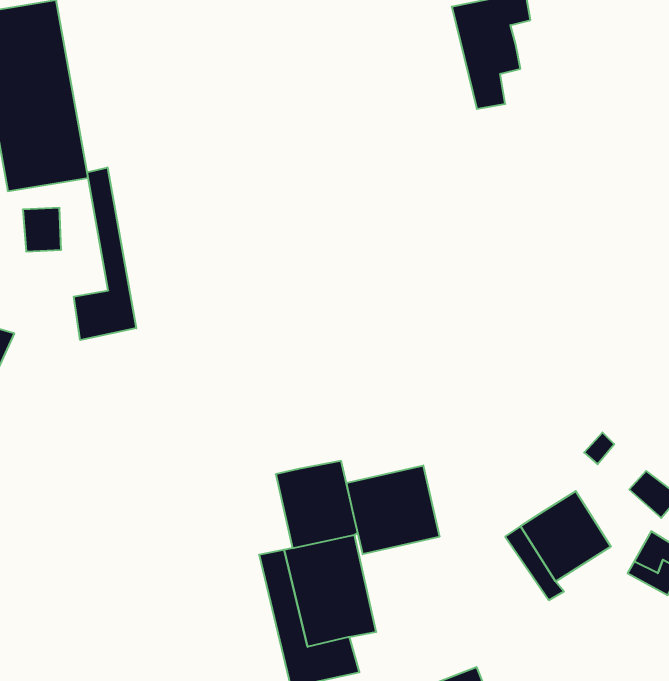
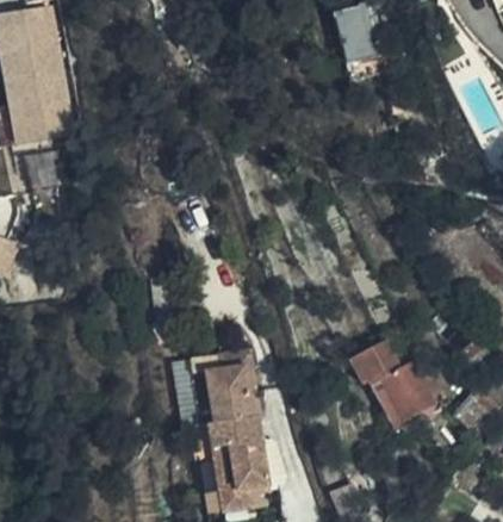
building: [74,167,136,340] -> none
building: [347,465,439,554] -> none
building: none -> [347,343,397,390]

